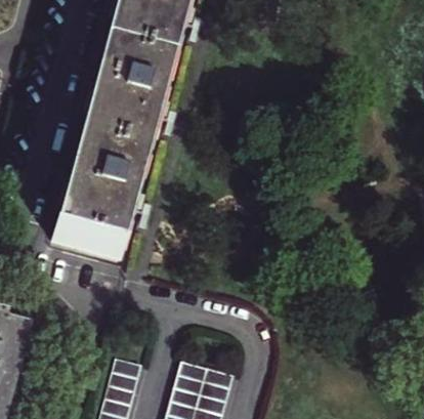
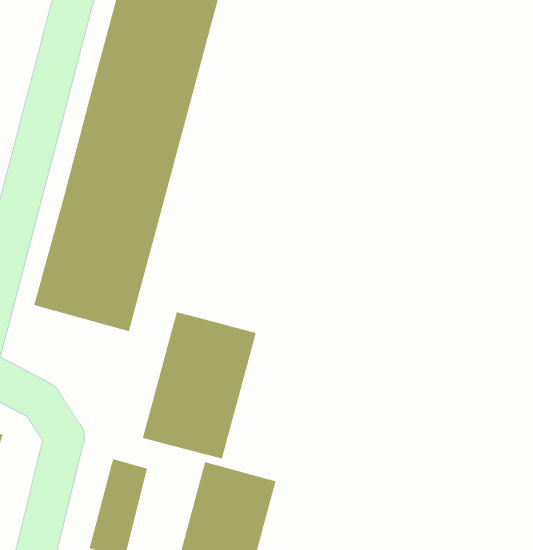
building: none -> [142,311,257,460]

